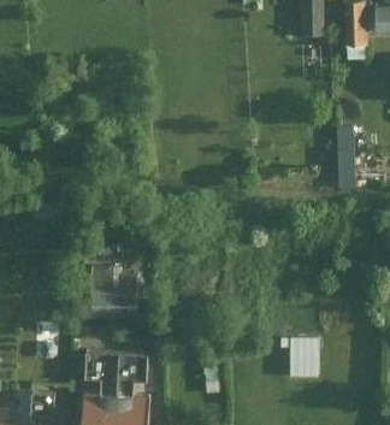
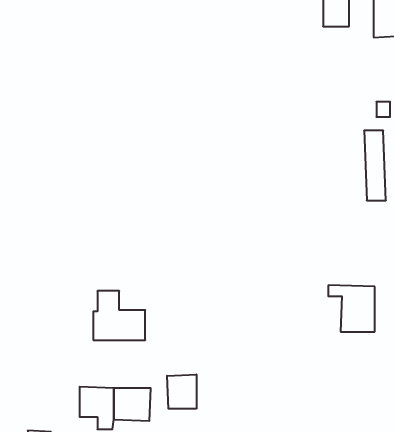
building: [277,337,318,378] -> [328,285,375,332]
building: none -> [167,374,196,409]

